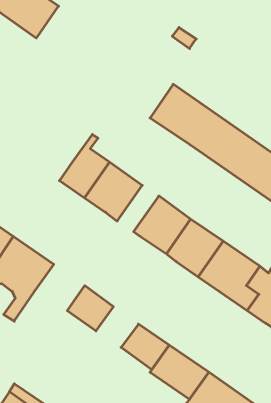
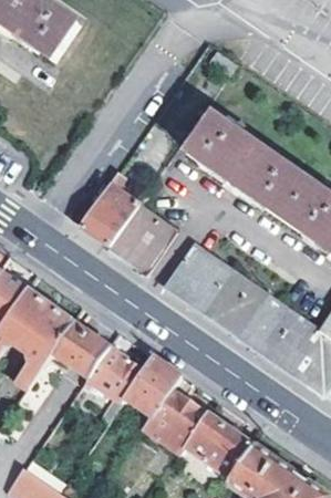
building: none -> [52,321,110,376]
building: none -> [123,355,182,416]

